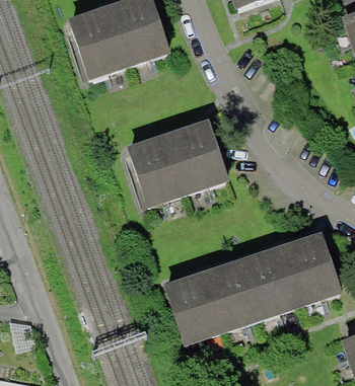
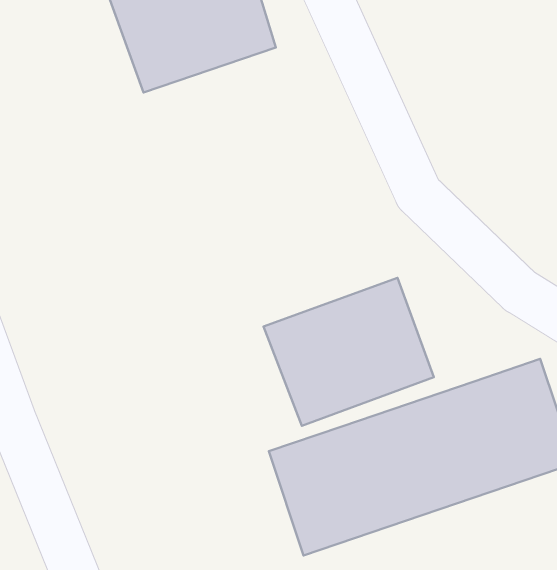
building: [129,120,228,206] -> [263,278,434,426]

